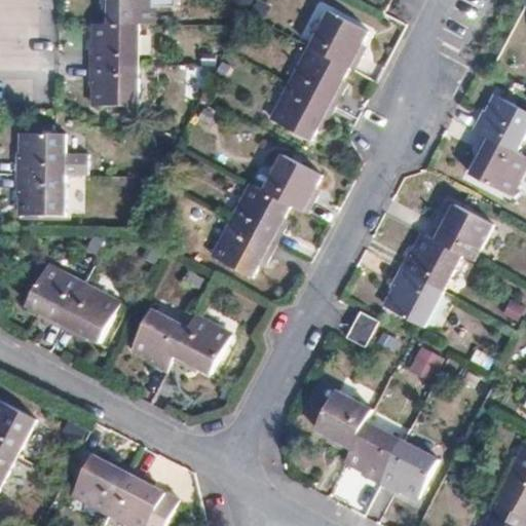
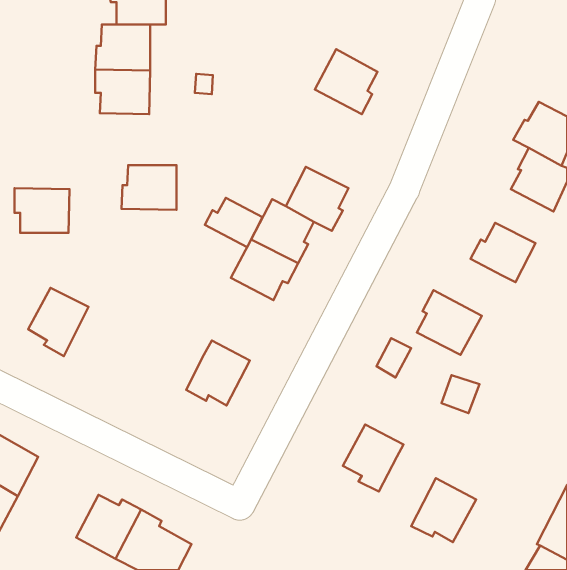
building: [308,9,366,69] -> none
building: [271,82,332,139] -> none
building: [13,133,64,174] -> [121,165,176,210]
building: none -> [205,198,262,247]
building: [398,232,460,290] -> none
building: [59,281,118,340] -> none
building: [129,307,187,370] -> none
building: [342,419,400,483] -> none

